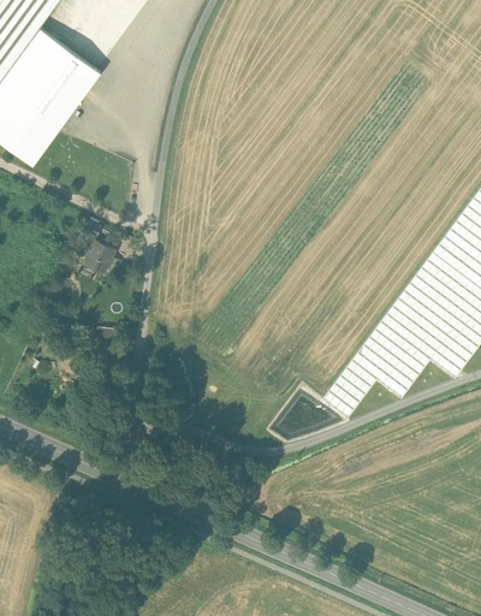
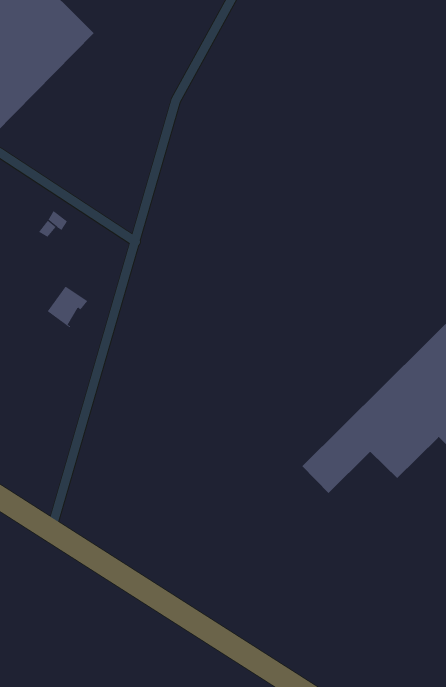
building: [84,239,117,273] -> [47,286,88,328]

